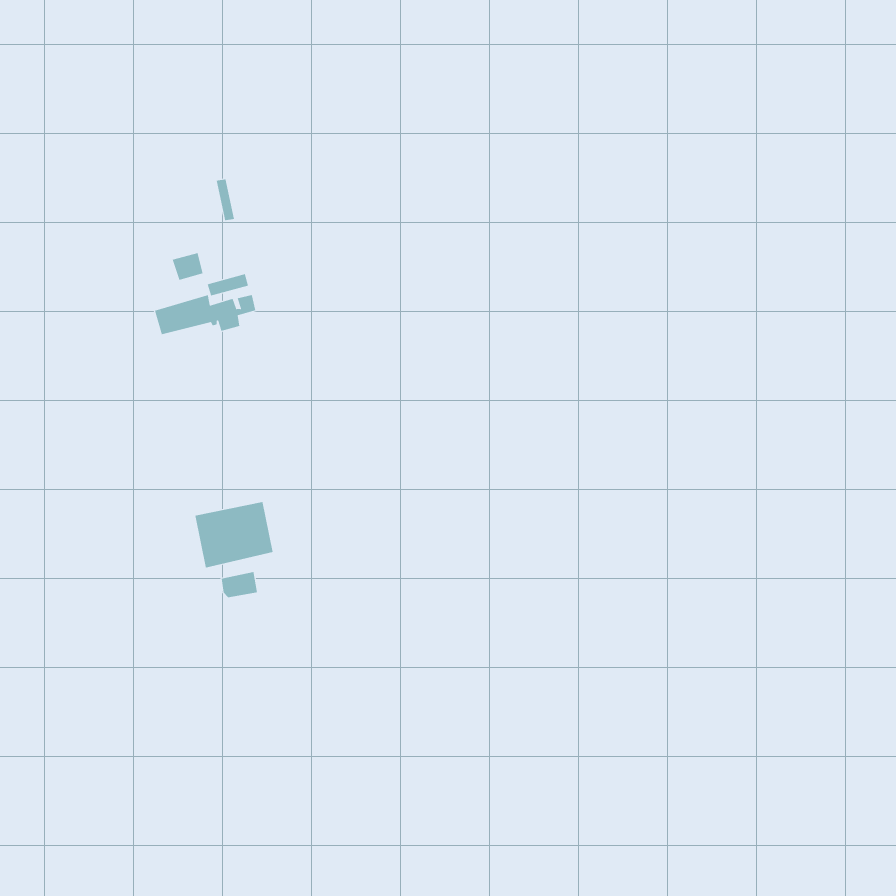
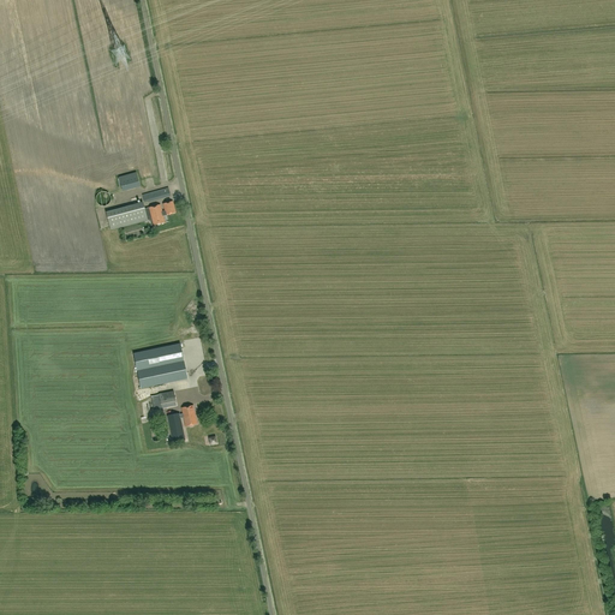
building: none -> [166,406,197,443]

